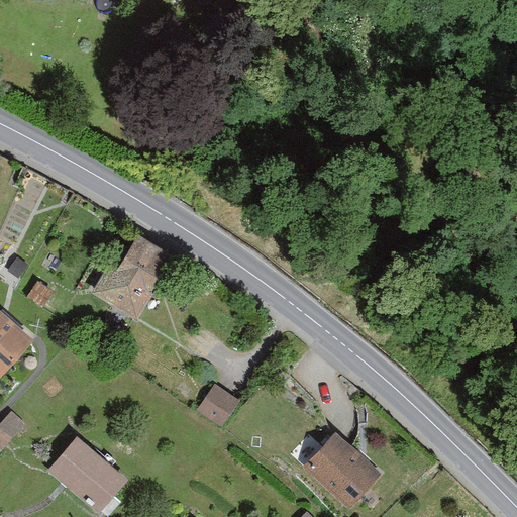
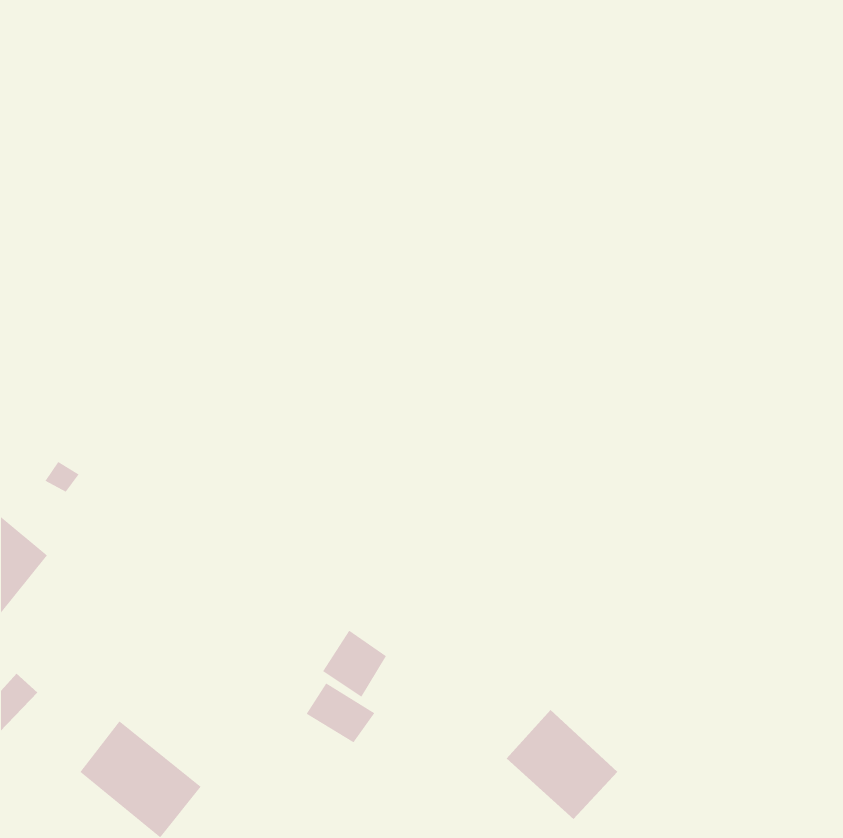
building: [91,236,166,322] -> none
building: none -> [306,682,375,743]

